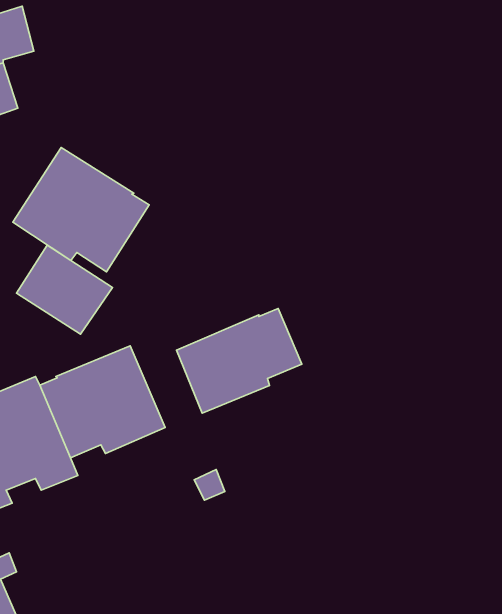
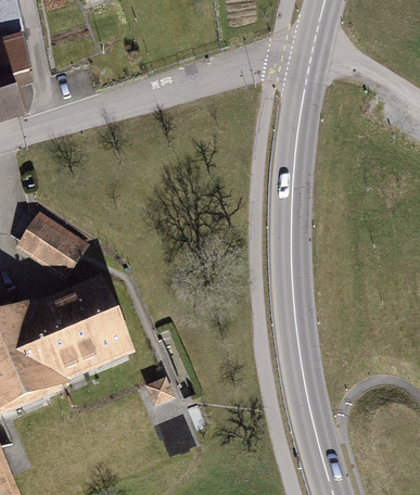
building: [13,147,149,272] -> none
building: [176,308,302,413] -> none

